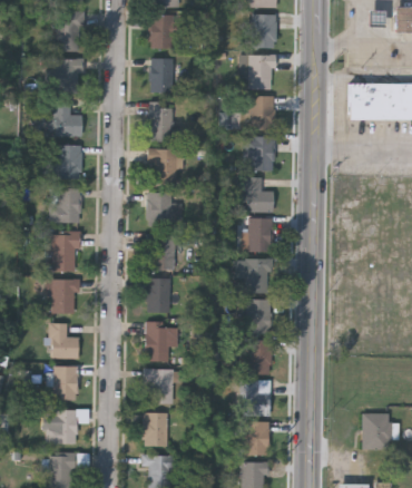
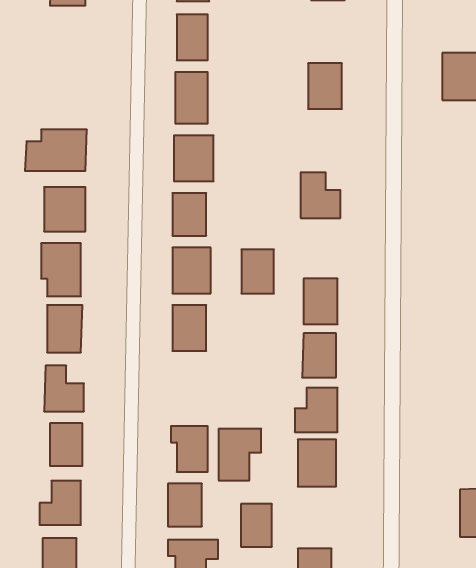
building: [237,55,274,86] -> none
building: [53,58,81,92] -> none
building: [48,110,81,136] -> none
building: [243,136,274,169] -> none
building: [248,217,273,251] -> [241,249,274,294]
building: [145,321,177,360] -> [219,429,261,480]
building: [245,421,268,453] -> [241,504,272,547]

